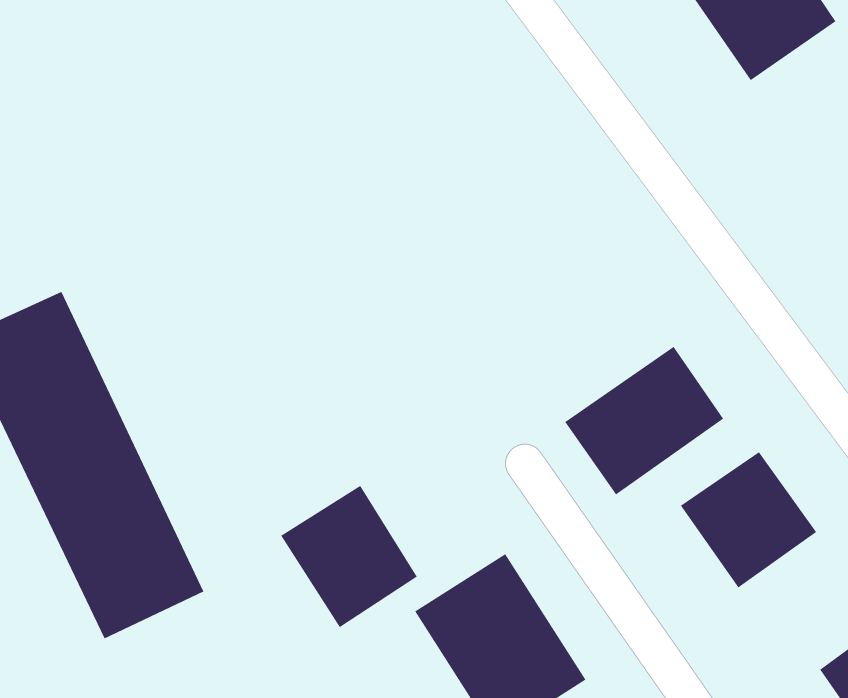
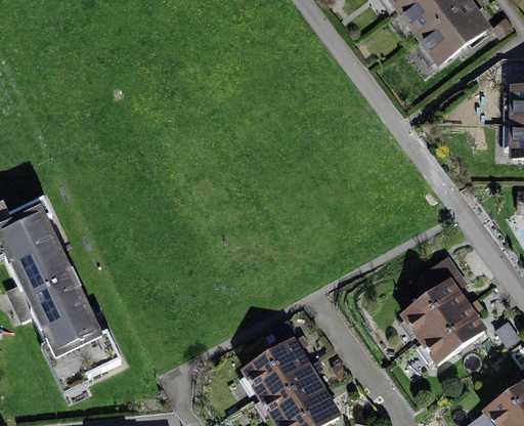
building: [564,346,724,496] -> none
building: [280,485,418,628] -> none

